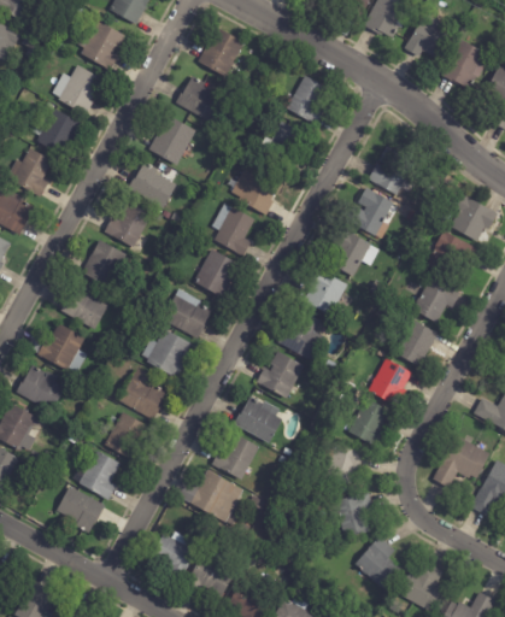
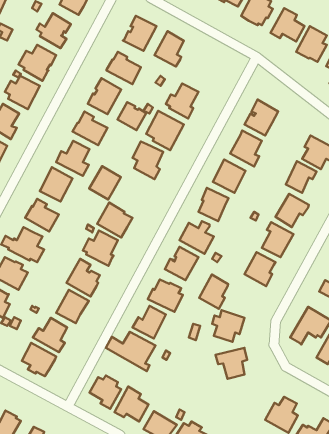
building: [286,74,327,123] -> [155,31,184,66]
building: none -> [118,102,146,130]
building: [193,249,237,296] -> [89,166,121,200]
building: [348,398,389,446] -> [199,275,228,309]
building: [354,536,401,589] -> none

